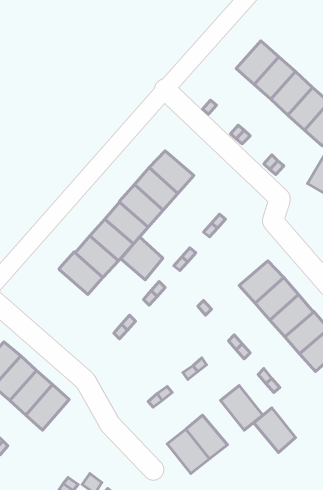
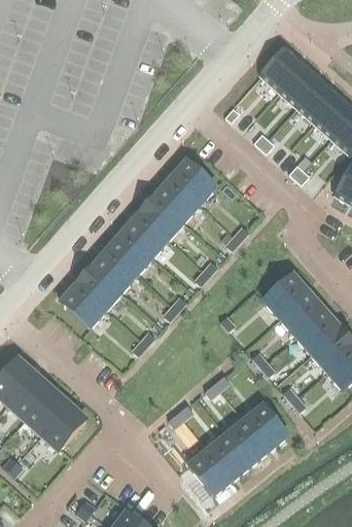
building: [121,237,163,280] -> none
building: none -> [60,283,105,327]
building: [254,408,295,452] -> [224,419,268,465]

